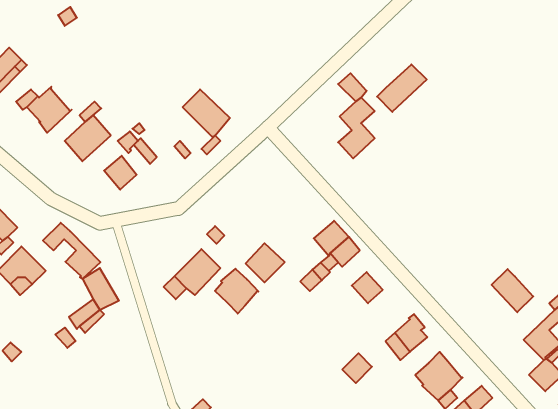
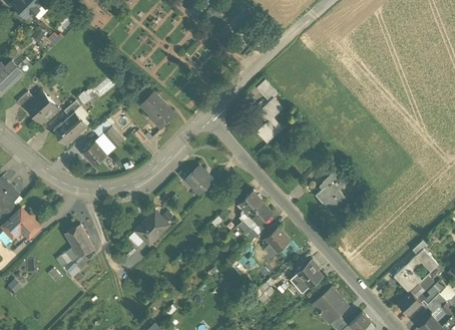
building: [377,64,427,112] -> none
building: none -> [316,169,348,210]
building: [43,223,100,279] -> none
building: [246,243,285,282] -> [184,166,213,195]
building: [215,269,258,314] -> none
building: [492,269,533,312] -> none

